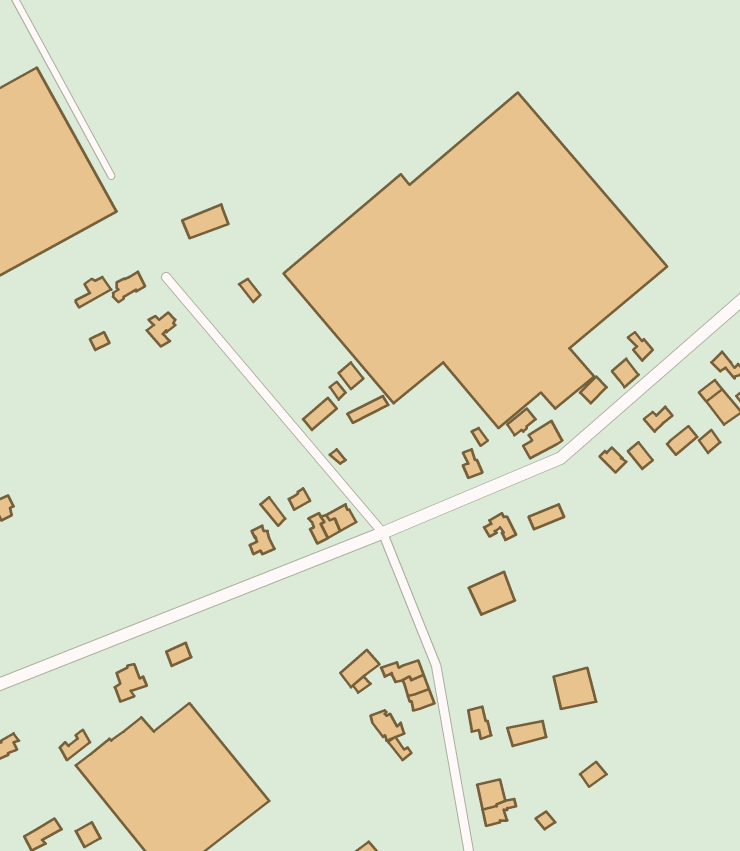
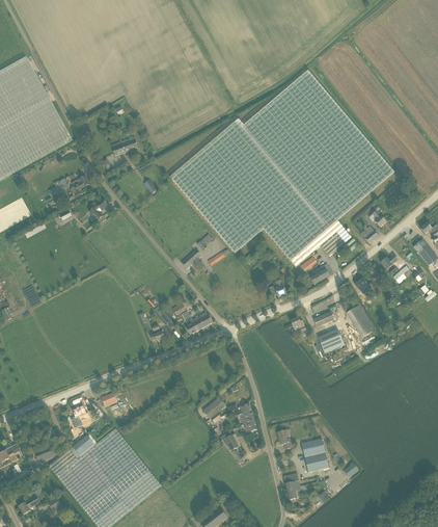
building: none -> [346,304,375,337]
building: [469,572,515,615] -> [317,327,344,352]
building: [554,668,596,709] -> [303,447,328,471]

